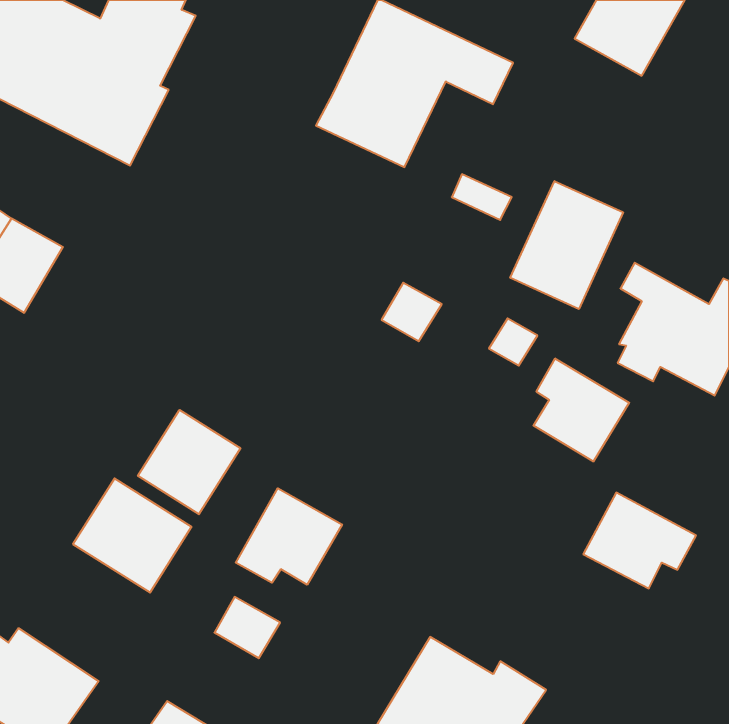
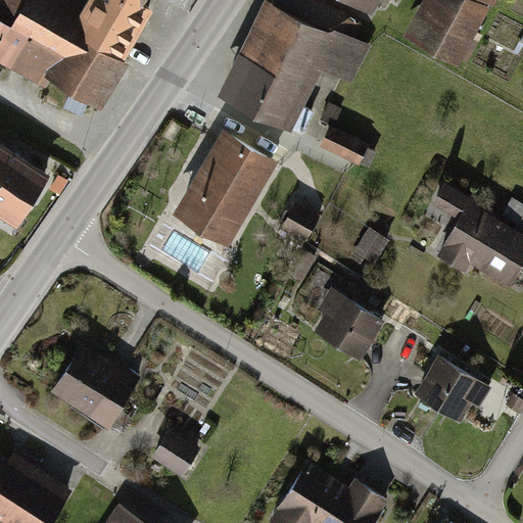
building: none -> [159,132,268,251]
building: [510,181,623,309] -> none
building: [533,359,629,461] -> [318,288,386,362]
building: [138,410,240,514] -> none
building: [236,488,342,585] -> none

